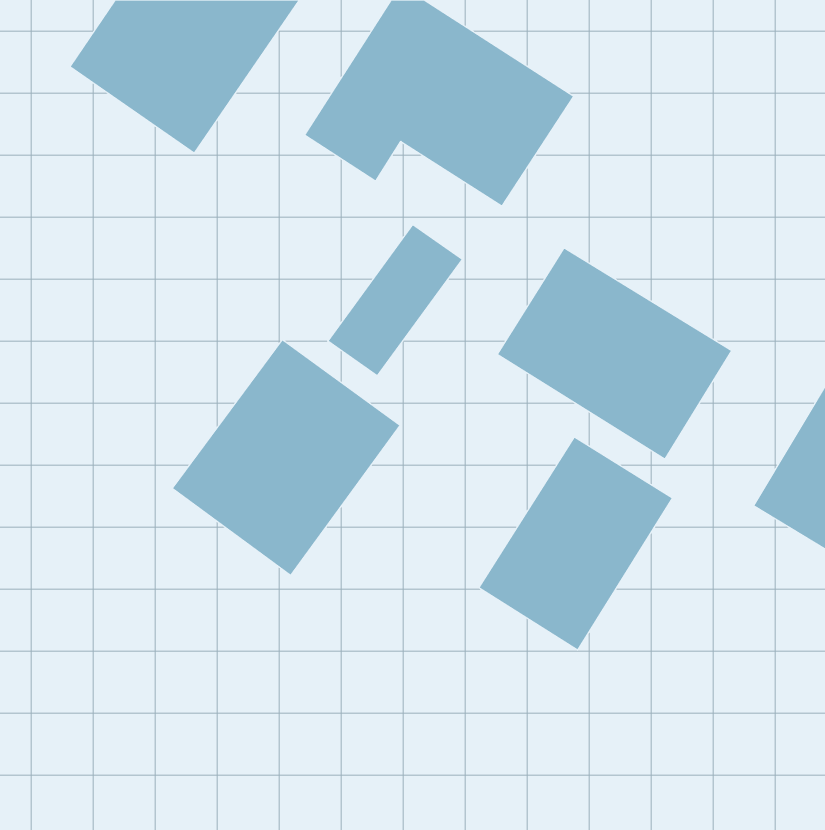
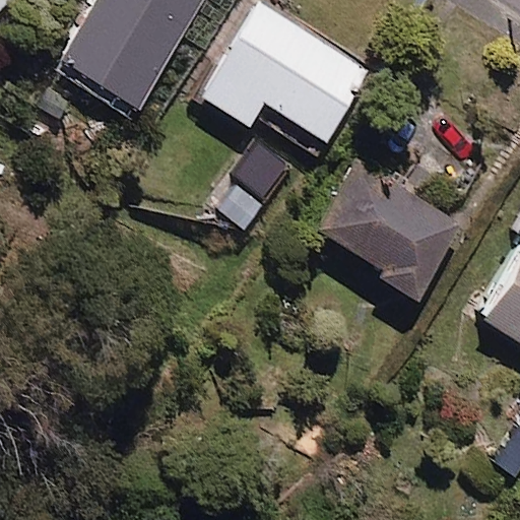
building: [172,340,400,576] -> none
building: [479,437,673,650] -> none

